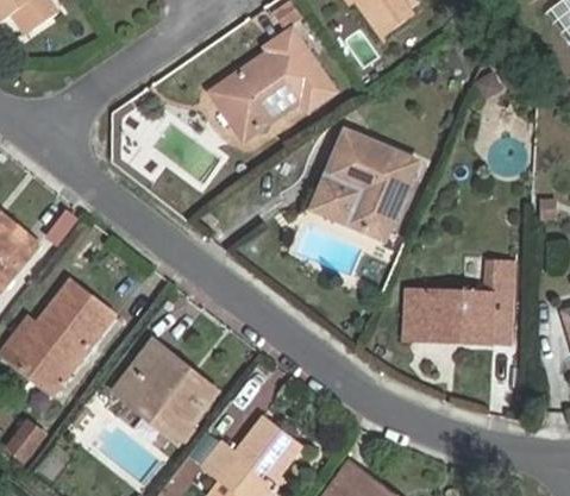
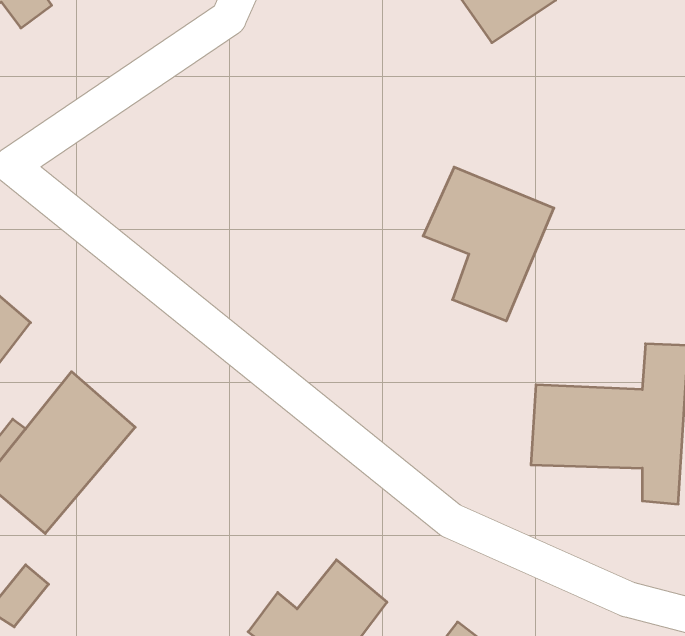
building: [208,29,336,140] -> none
building: [312,178,358,225] -> none
building: [108,339,218,446] -> none

